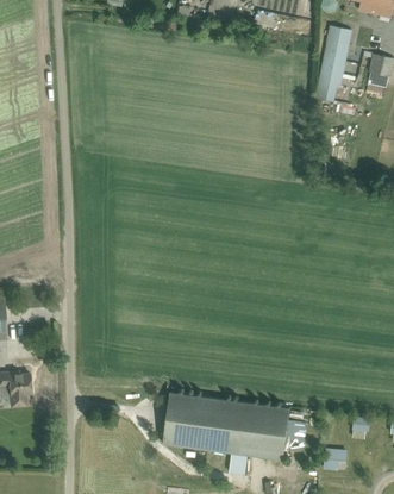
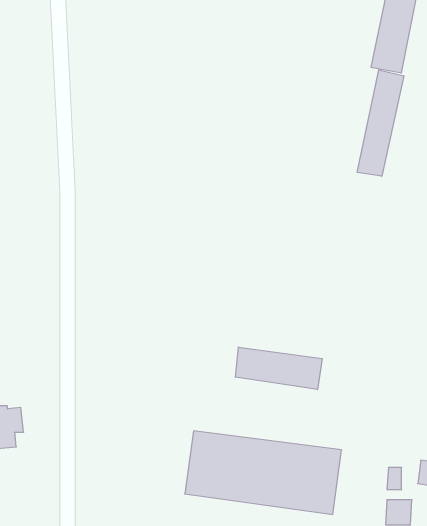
building: none -> [357,70,404,176]
building: none -> [235,347,322,390]

